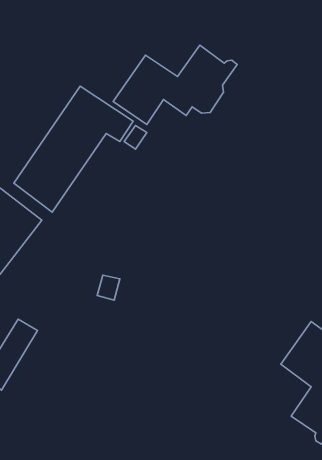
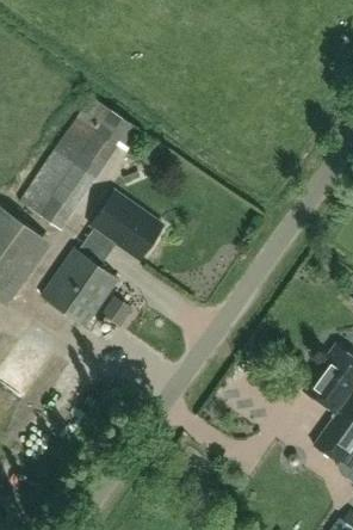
building: [113,45,237,125] -> none
building: none -> [41,192,161,327]

